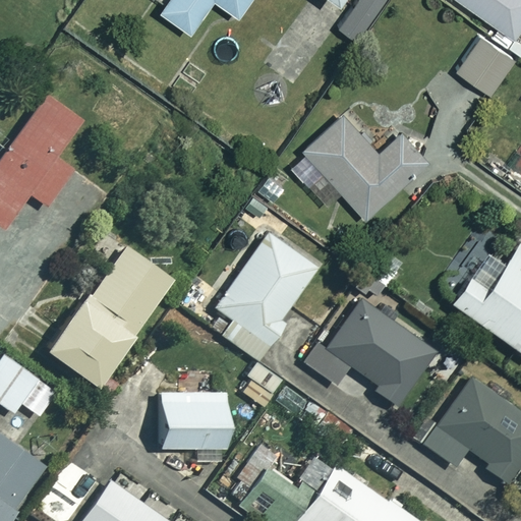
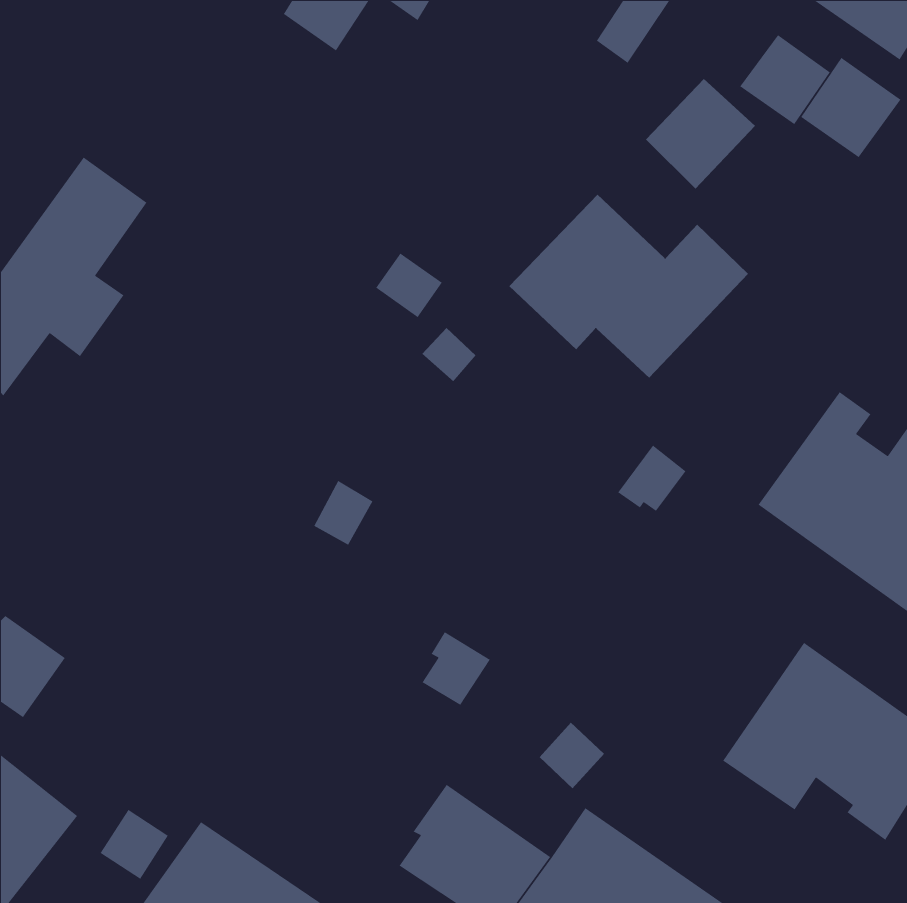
building: none -> [739,34,831,125]
building: none -> [645,78,756,189]
building: [212,234,317,361] -> none
building: [47,246,174,387] -> none
building: [303,298,436,407] -> none
building: [160,392,229,461] -> none

